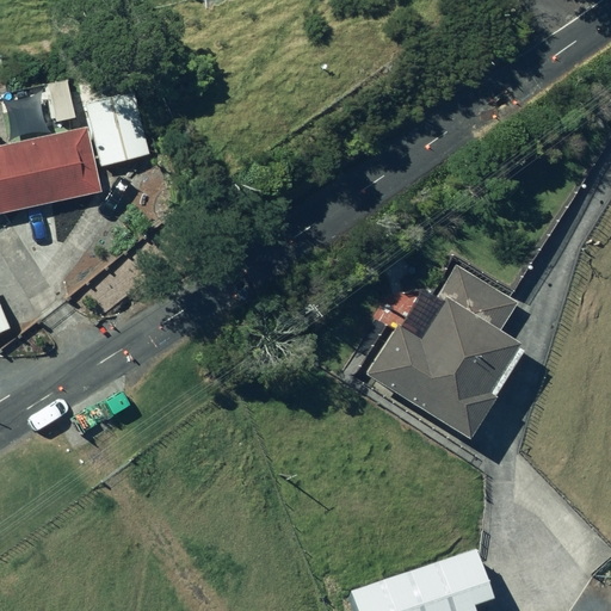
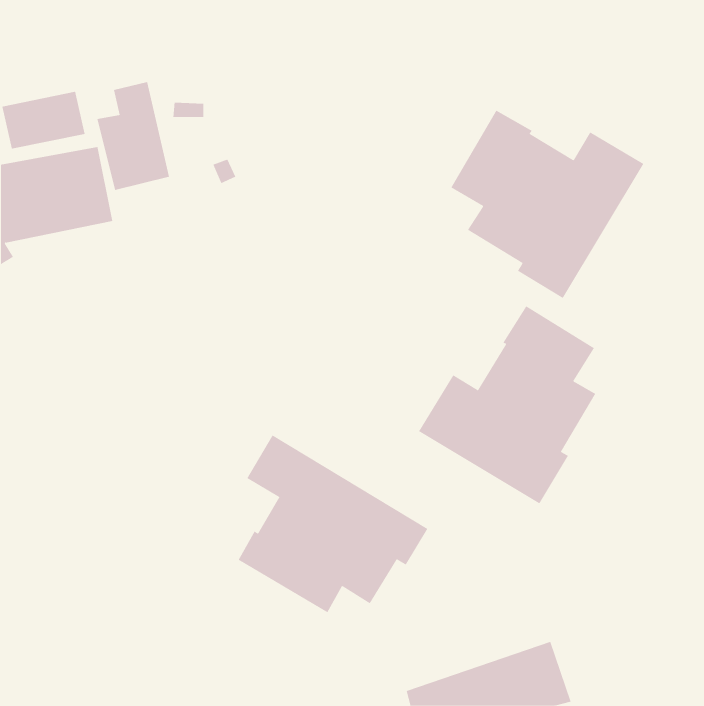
building: none -> [450,110,644,299]
building: none -> [238,434,428,613]

